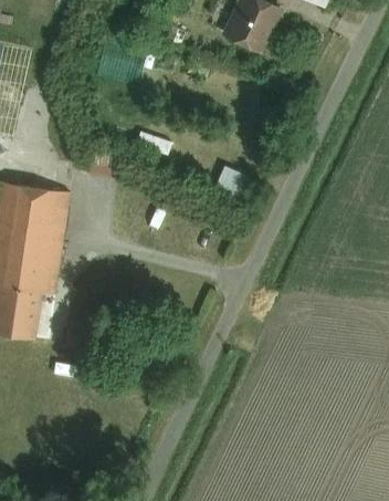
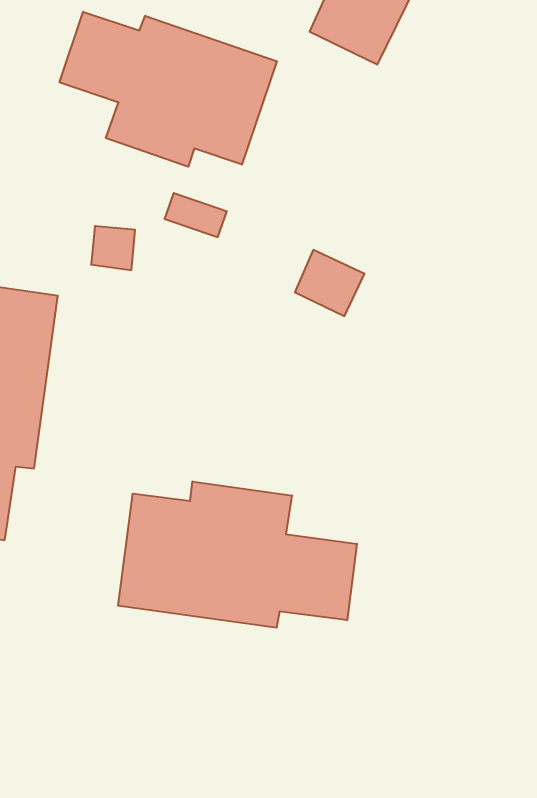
building: none -> [60,12,277,167]
building: none -> [118,481,357,628]

